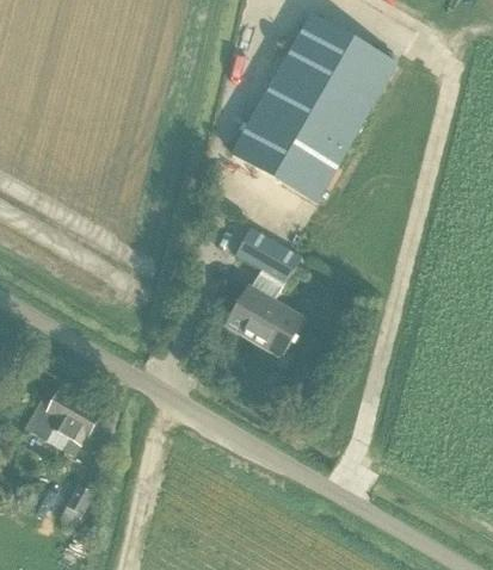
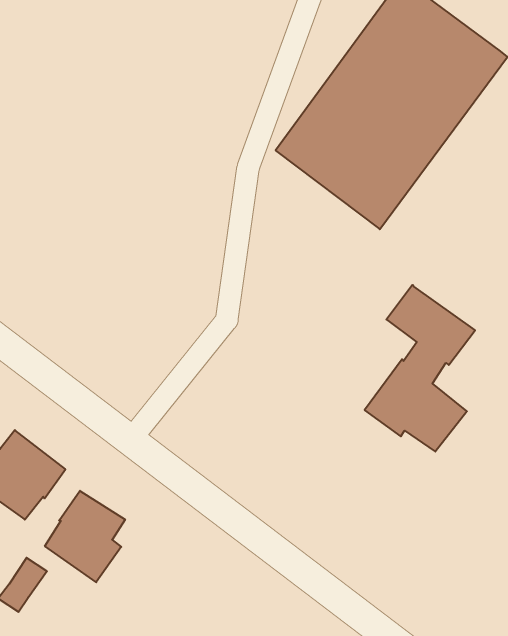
building: [226,227,303,351] -> [365,285,475,452]
building: none -> [45,491,125,582]

